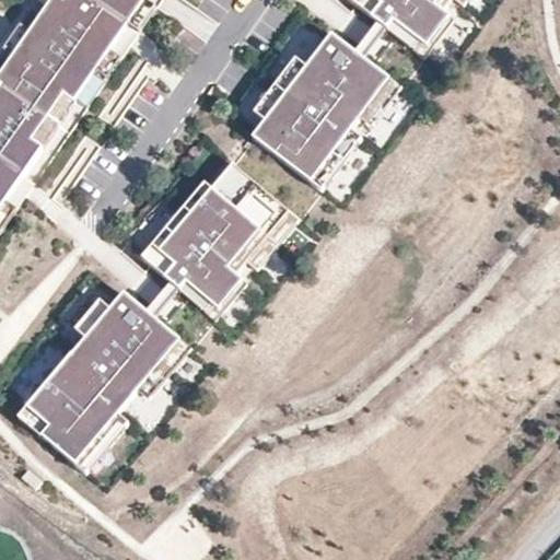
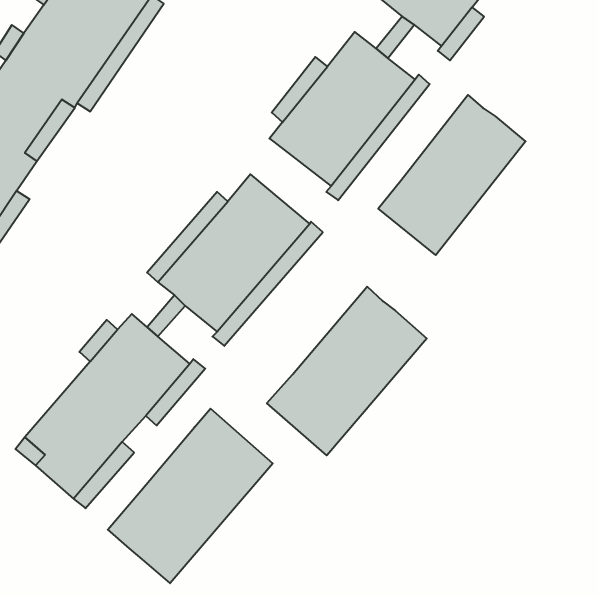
building: none -> [378,95,526,255]
building: none -> [267,287,427,455]
building: none -> [108,409,273,583]

